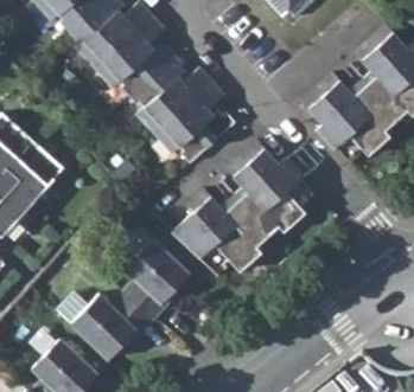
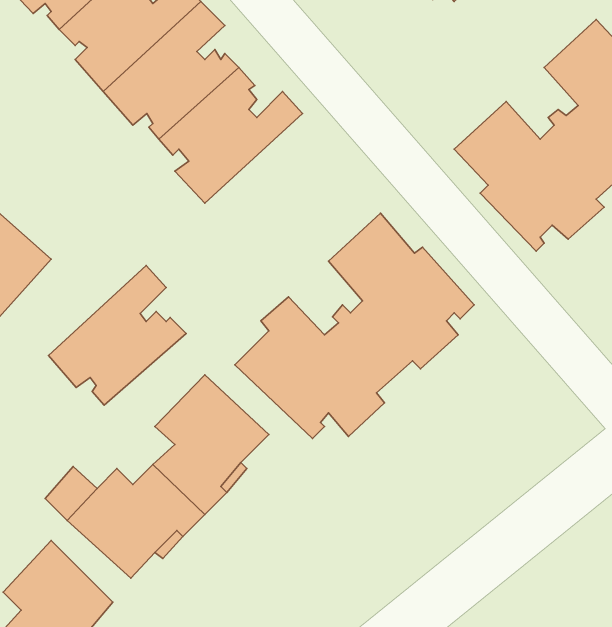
building: [154,81,236,163] -> [48,266,186,405]

